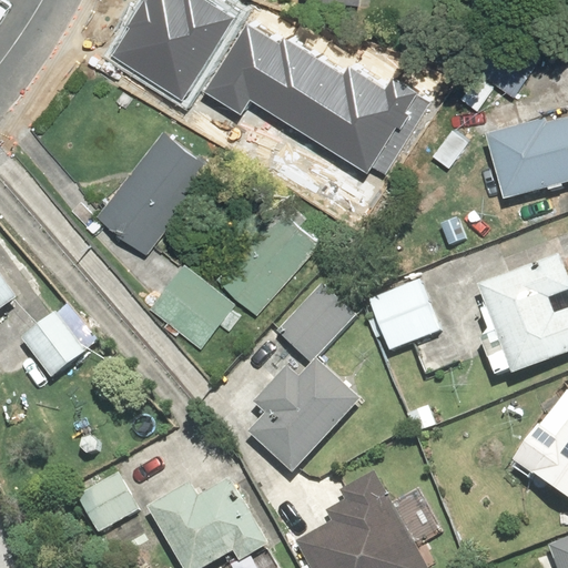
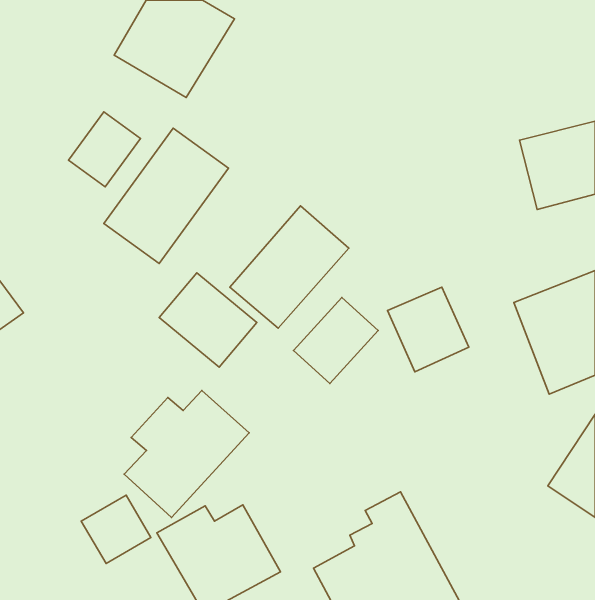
building: [199,23,427,184] -> none
building: none -> [69,112,141,187]
building: [22,310,90,378] -> none
building: [247,356,365,476] -> [124,391,249,518]

